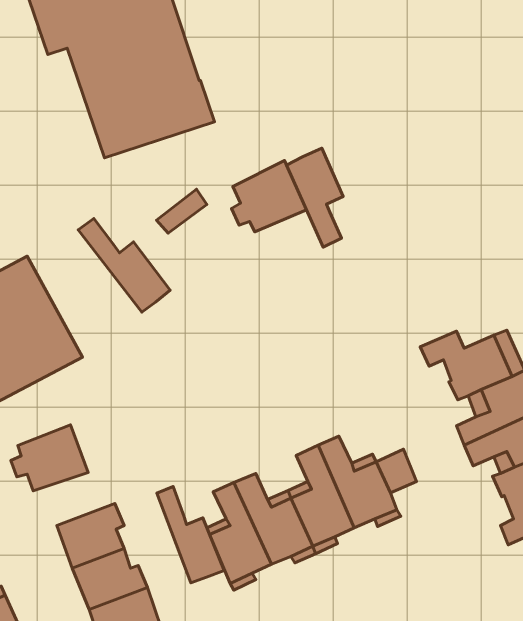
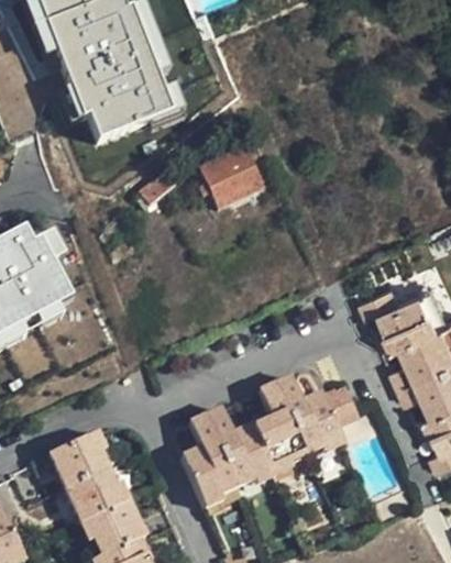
building: [286,148,343,247] -> none
building: [78,219,170,312] -> none
building: [11,425,88,491] -> none
building: [157,487,224,583] -> none

